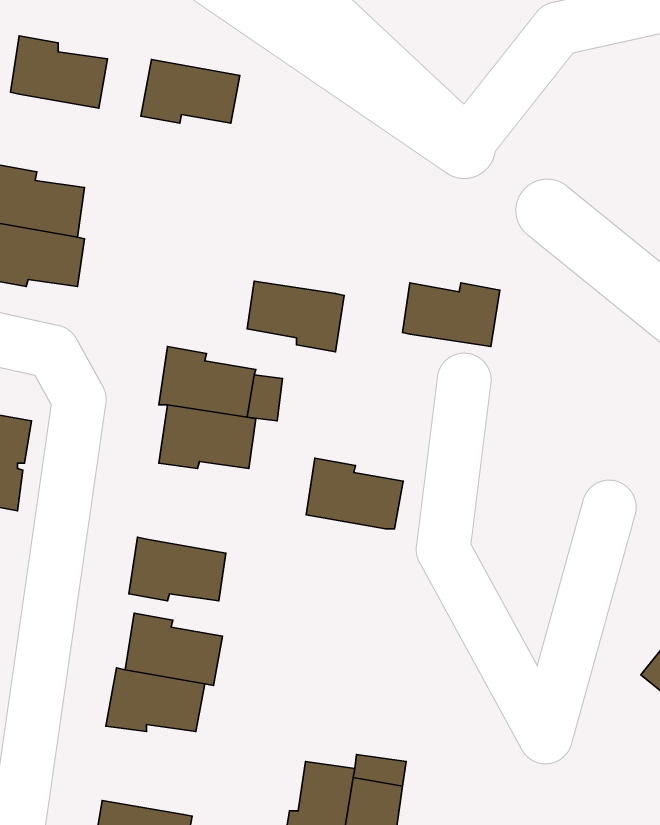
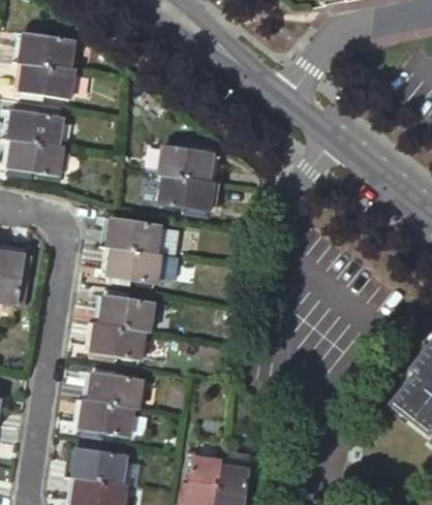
building: [141,60,240,123] -> [19,64,76,101]
building: [403,283,500,347] -> [158,144,215,181]
building: [306,458,403,529] -> [99,291,156,333]
building: none -> [69,444,125,485]

